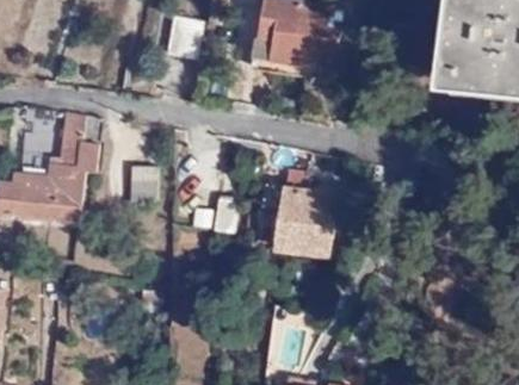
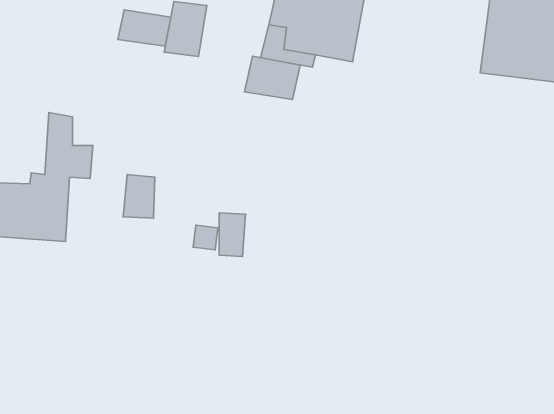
building: none -> [118,10,171,46]
building: none -> [244,56,300,99]
building: [273,168,339,261] -> none

